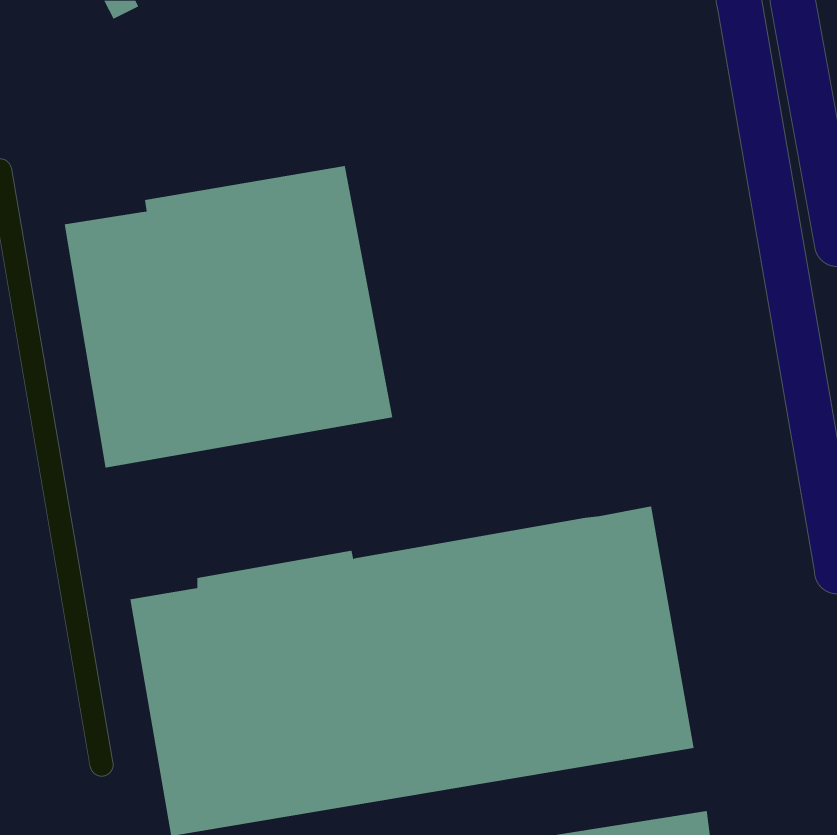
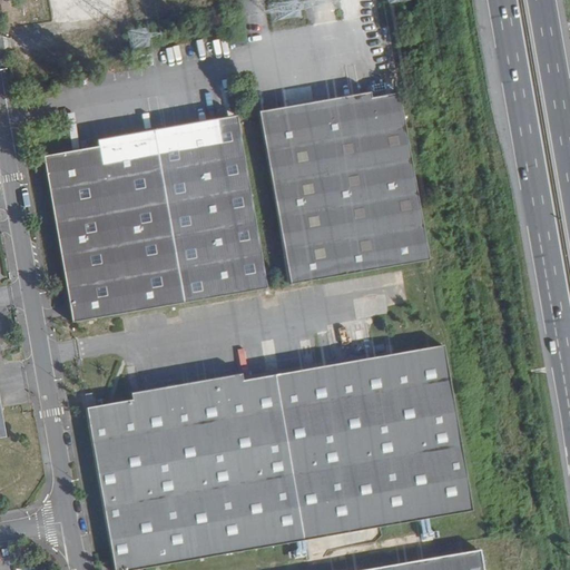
building: none -> [259,94,428,279]

